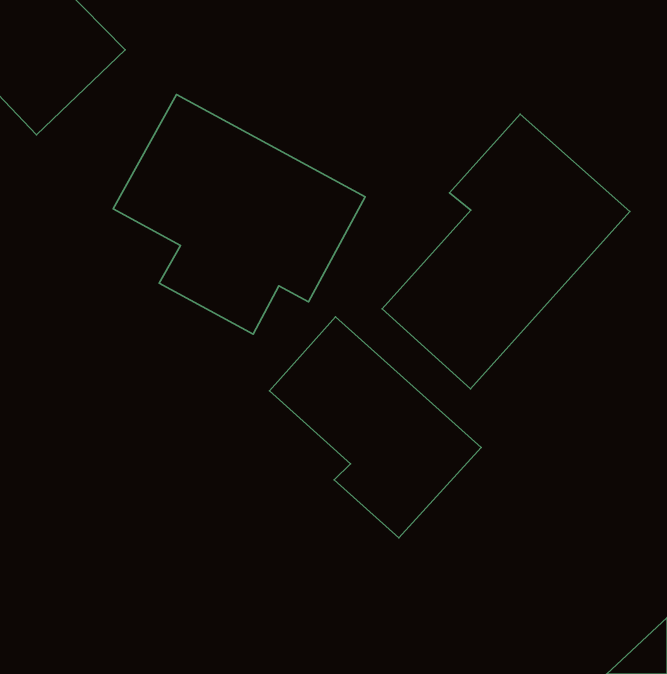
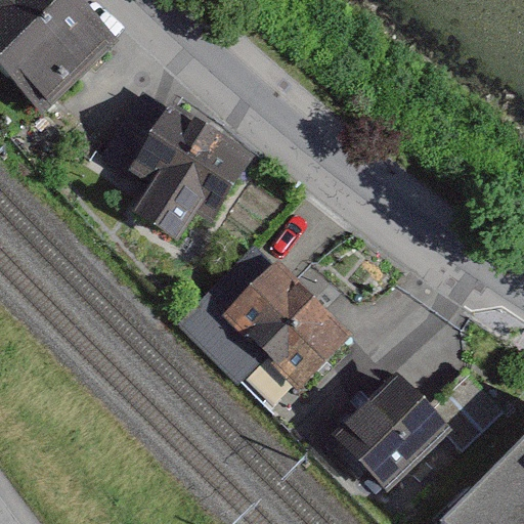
building: [382,114,630,389] -> none
building: none -> [337,370,493,503]

